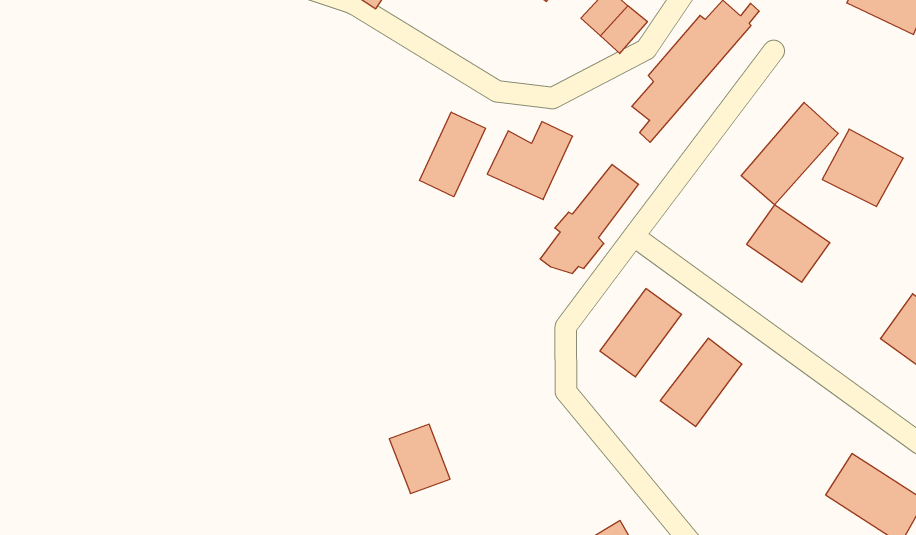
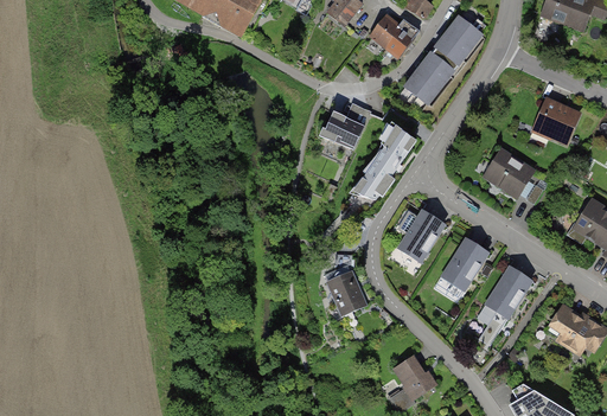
building: [741,102,838,205] -> none
building: [419,112,486,197] -> none
building: none -> [481,263,532,321]
building: [389,424,450,494] -> [327,271,368,316]

